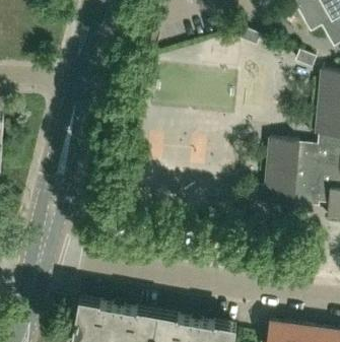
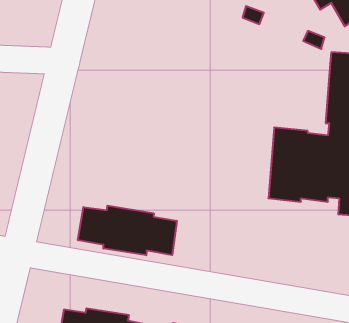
building: none -> [78,206,177,255]

